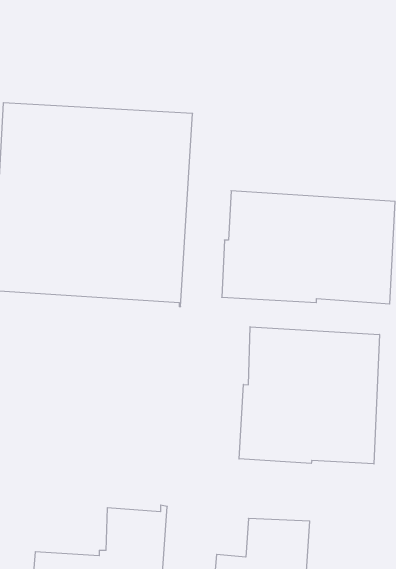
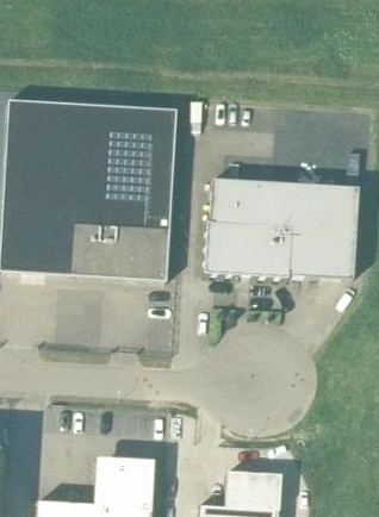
building: [239,327,379,464] -> none

